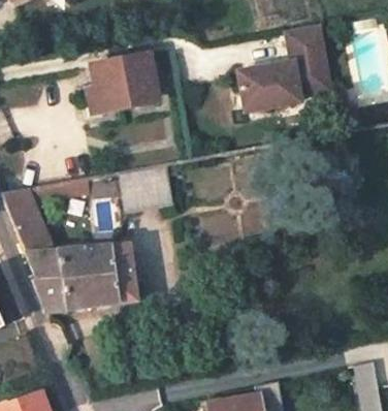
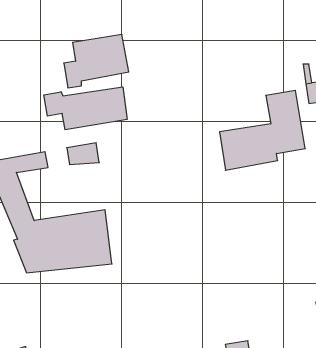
building: [238,29,328,113] -> [220,90,305,170]
building: none -> [44,87,127,130]

